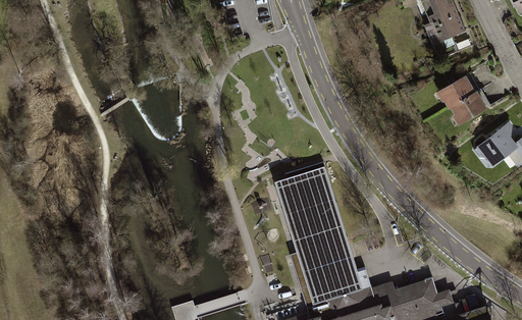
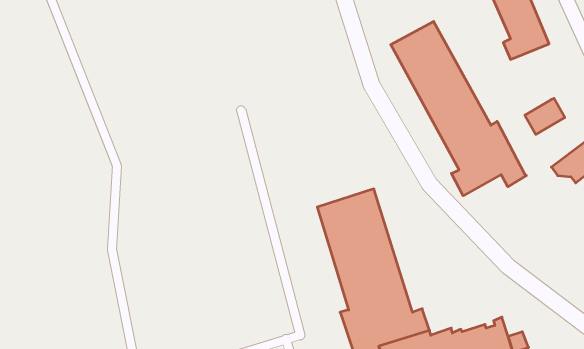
building: none -> [391,21,526,196]
building: [439,76,473,107] -> none

